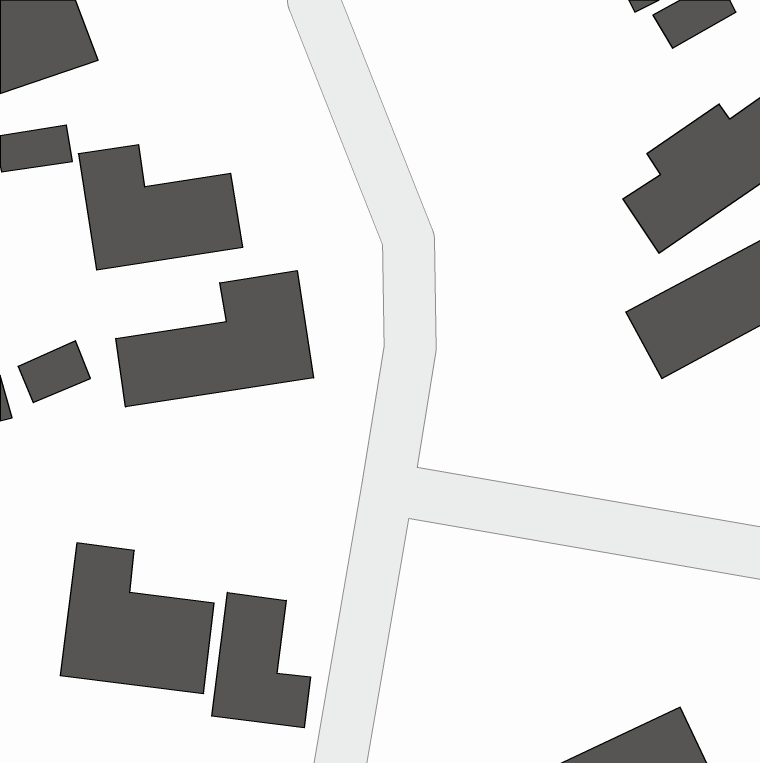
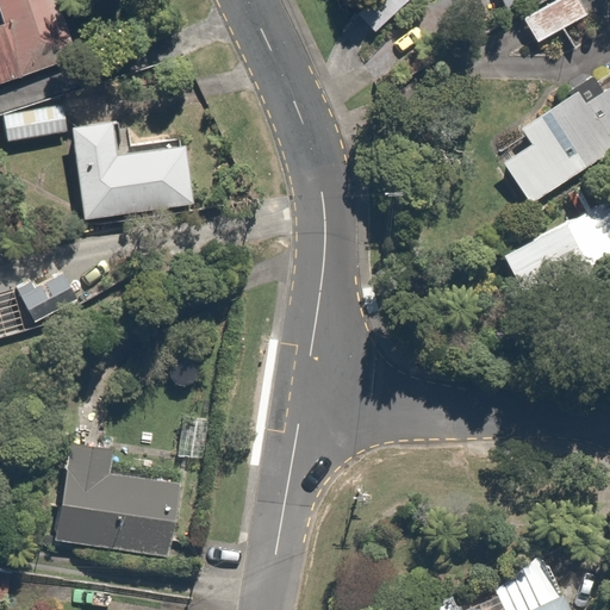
building: [116,271,314,407] -> none
building: [212,592,310,728] -> none

